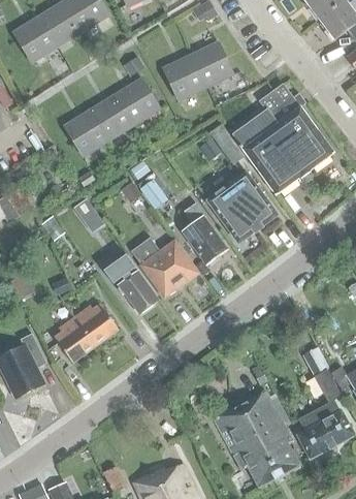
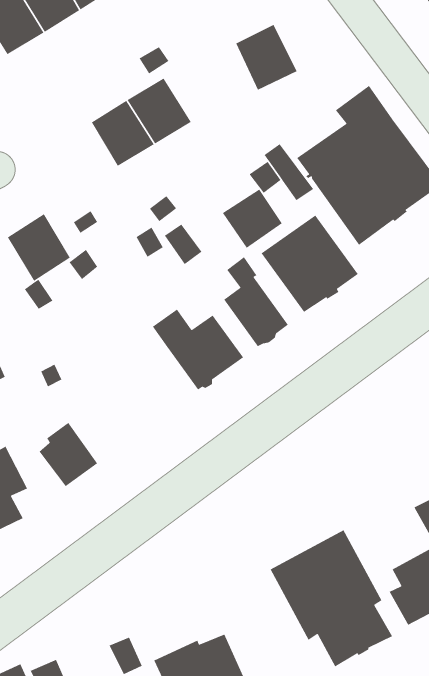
building: [162,54,205,100] -> none
building: [64,108,108,156] -> [7,213,71,282]
building: none -> [222,188,283,249]
building: [103,253,159,313] -> none
building: [74,303,118,345] -> none

